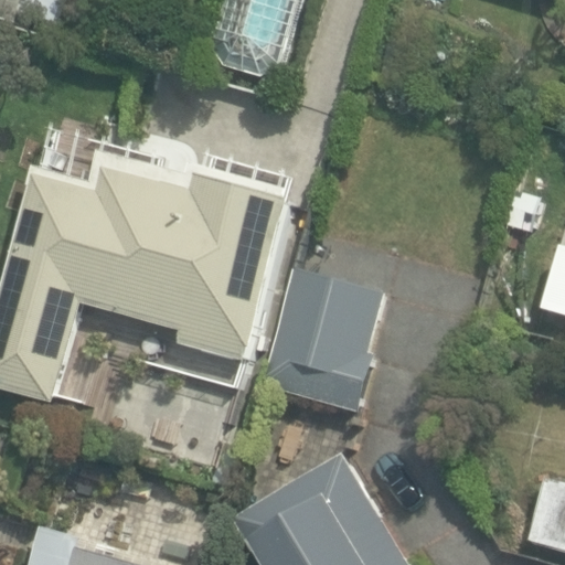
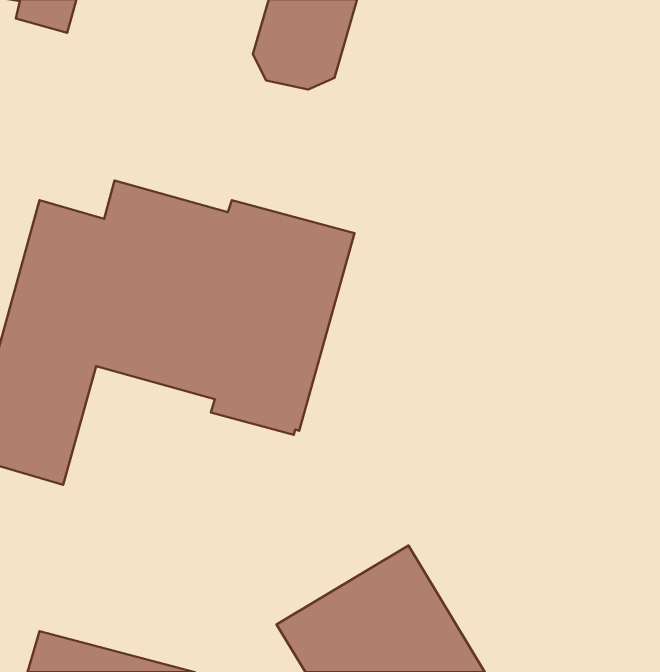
building: [256,267,382,415] -> none

